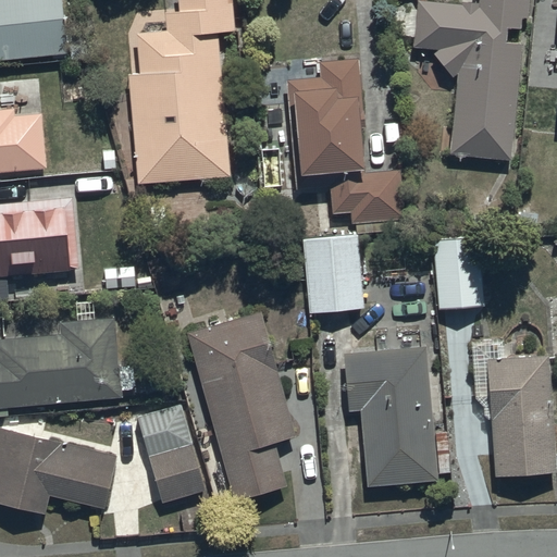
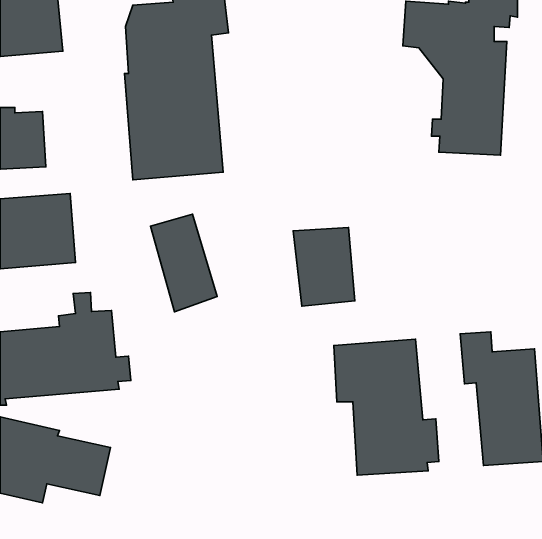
building: [287,59,405,223] -> none
building: none -> [151,214,217,312]
building: [433,237,484,308] -> none
building: [187,312,296,502] -> none
building: [137,404,211,517] -> none

